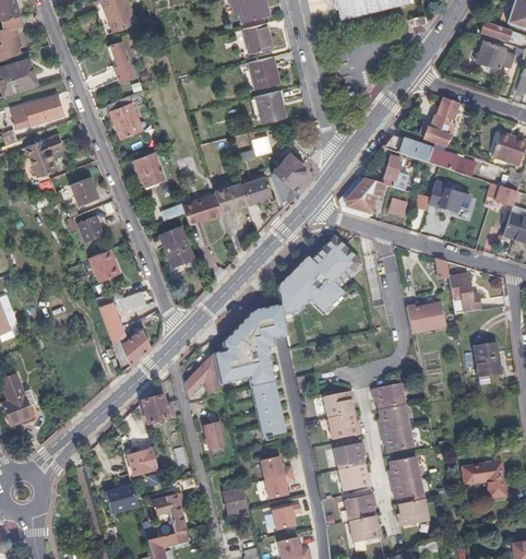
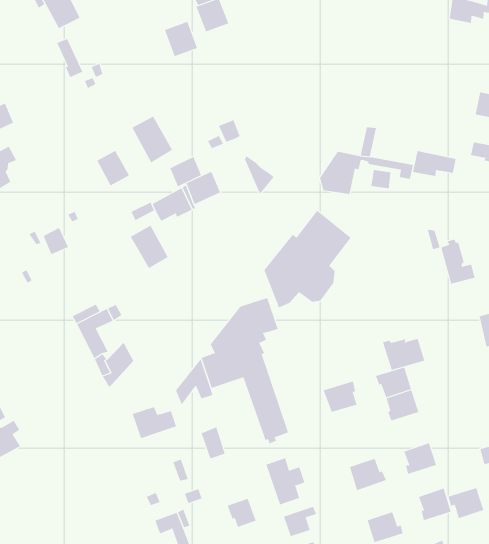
building: [250,55,279,86] -> [164,21,198,57]
building: [259,88,286,120] -> none
building: [107,95,143,139] -> [131,116,173,163]
building: [423,97,458,145] -> none
building: [388,134,473,176] -> none
building: [276,153,306,188] -> none
building: [242,175,272,202] -> [169,156,202,187]
building: [69,179,96,205] -> none
building: [88,251,116,283] -> none
building: [405,298,443,326] -> [382,338,425,371]
building: [327,414,360,440] -> none
building: [382,427,414,454] -> none
building: [333,443,364,471] -> none
building: [127,450,154,477] -> none
building: [392,478,425,506] -> [447,487,484,519]
building: [105,484,138,513] -> none
building: [345,496,375,522] -> none

